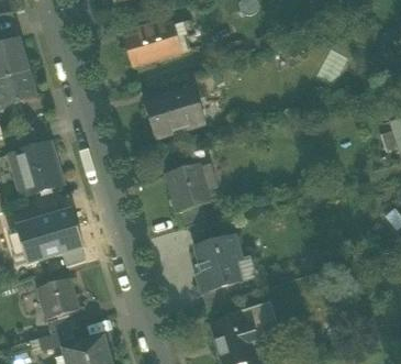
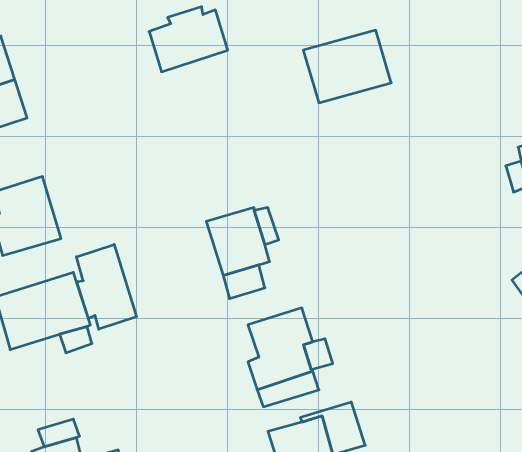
building: [145,85,208,136] -> [303,30,391,103]
building: none -> [76,244,136,329]
building: [36,276,78,318] -> none

